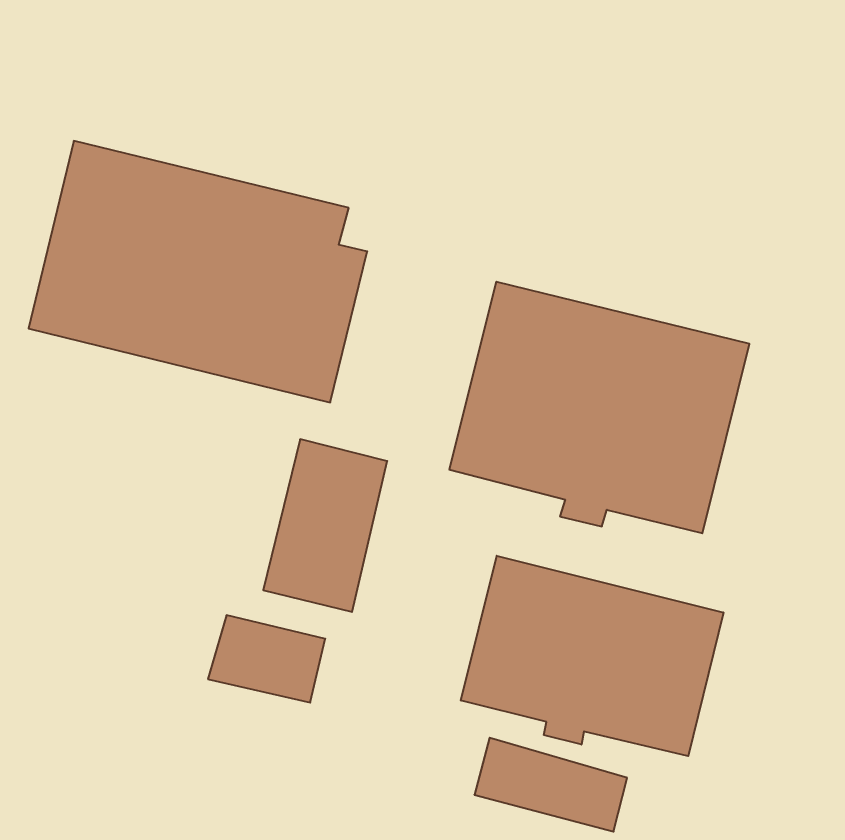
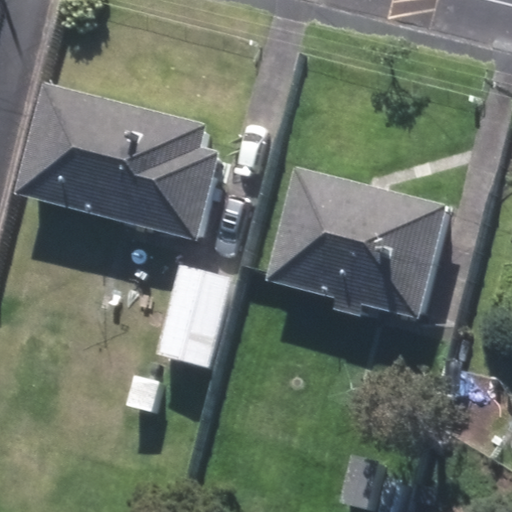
building: [461,556,723,756] -> none

